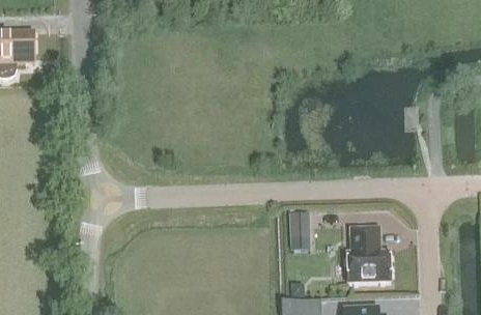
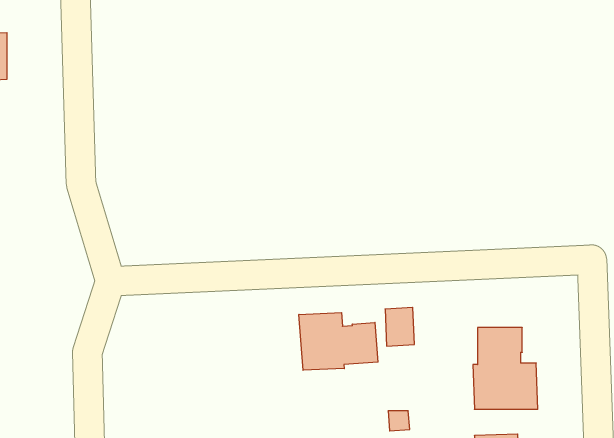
building: none -> [299,313,378,370]

